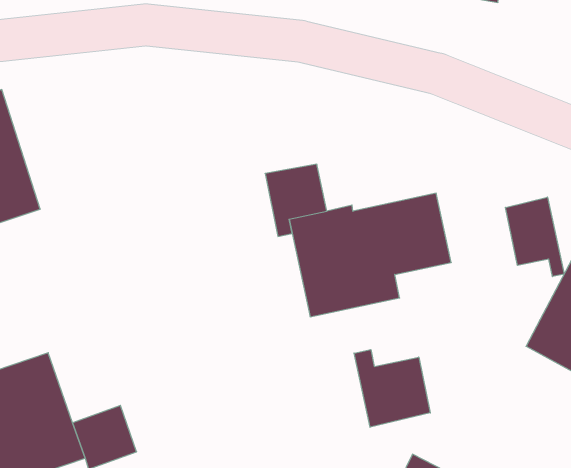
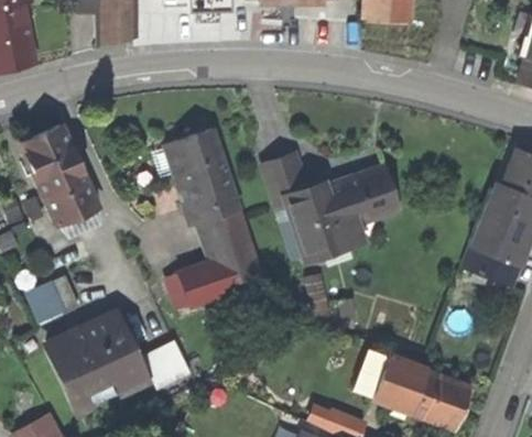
building: none -> [166,128,263,309]
building: [505,197,564,277] -> none
building: [354,350,430,427] -> none

